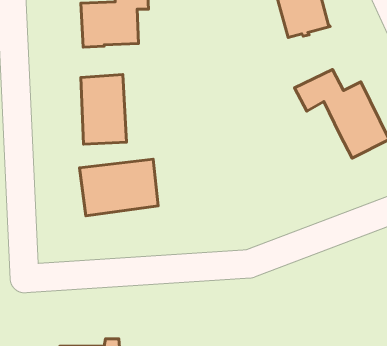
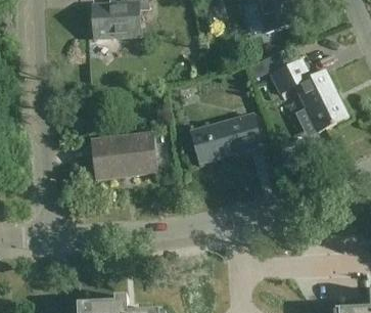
building: [81,75,126,144] -> none
building: none -> [190,115,261,164]

